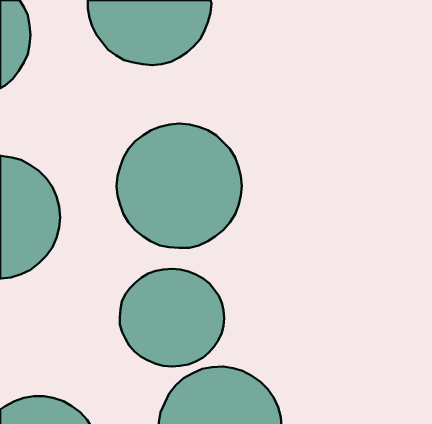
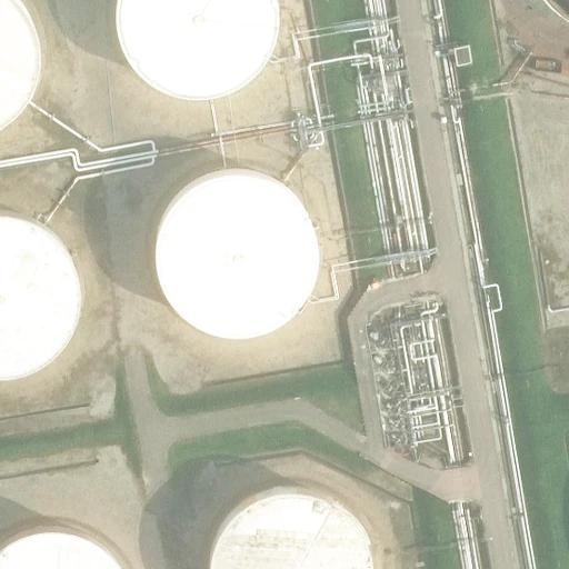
building: [120,269,224,366] -> none

